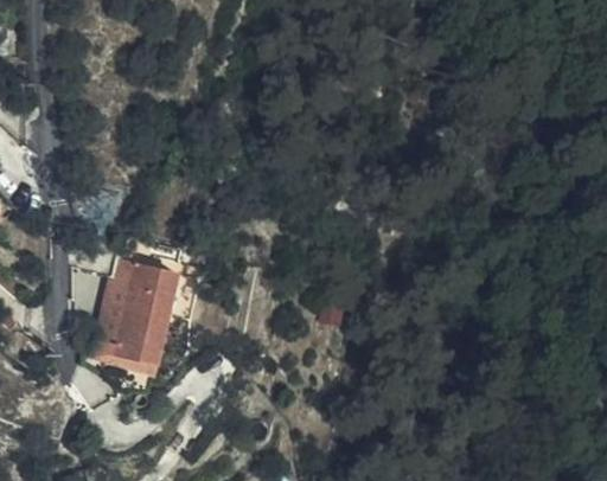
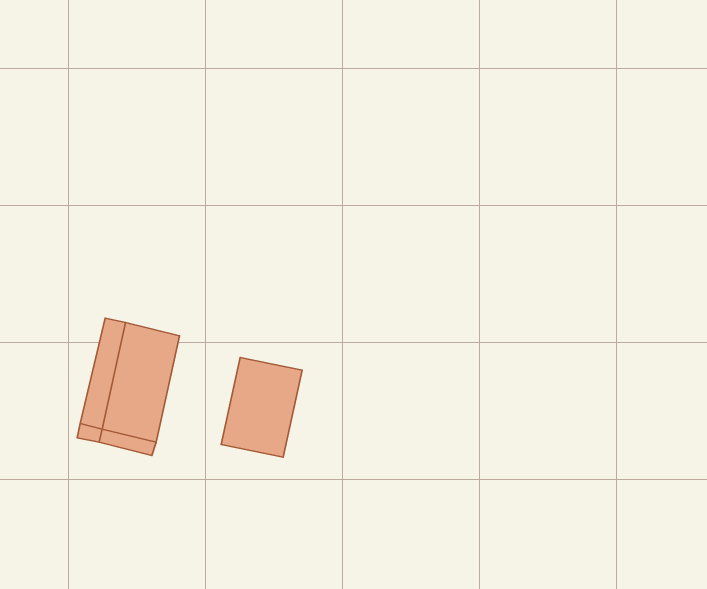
building: none -> [221,358,302,457]

